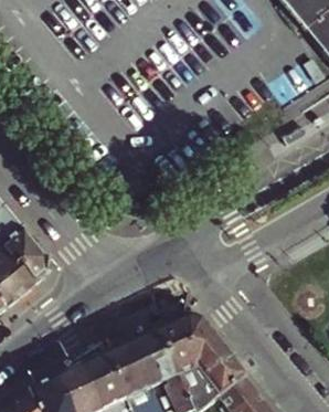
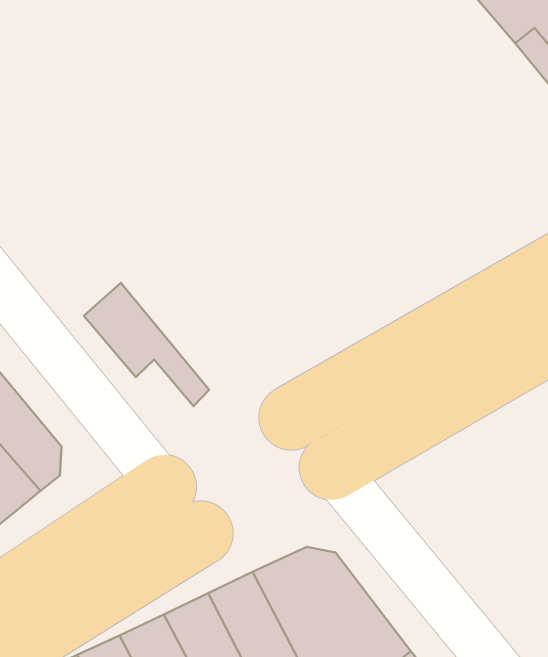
building: none -> [84,283,209,406]

